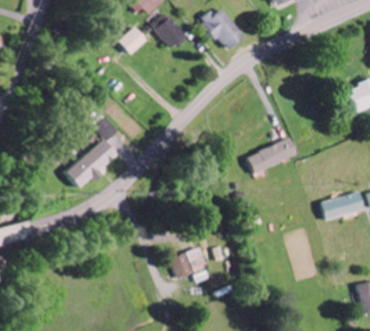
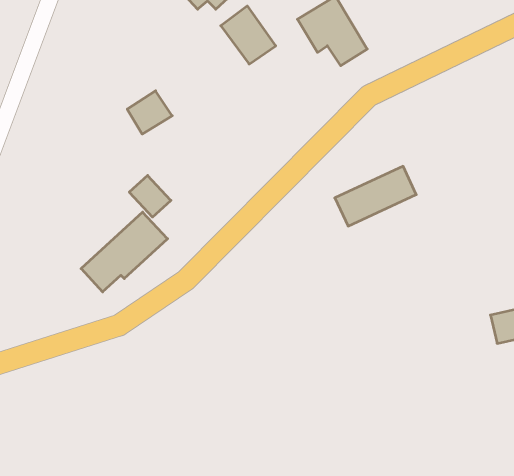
building: [118,27,146,53] -> [127,91,172,134]
building: [245,137,295,174] -> [335,166,416,226]
building: [171,247,207,277] -> none

